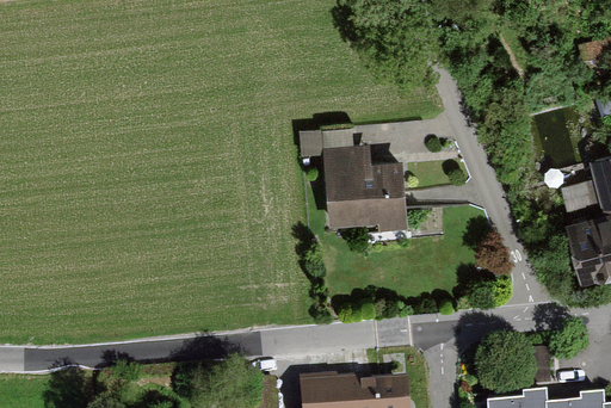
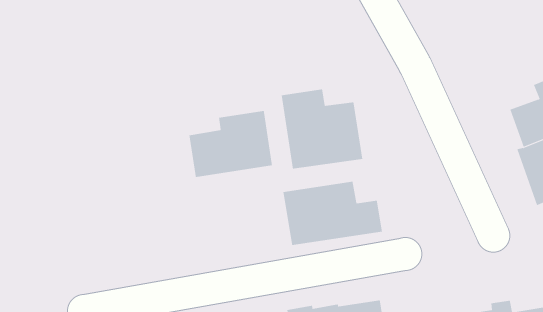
building: none -> [189,110,272,178]
building: none -> [283,181,382,246]

